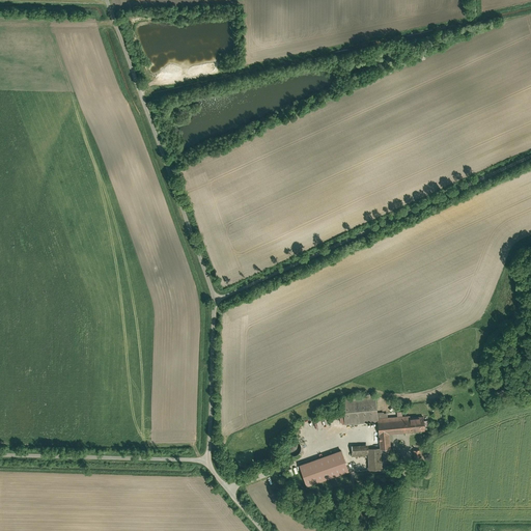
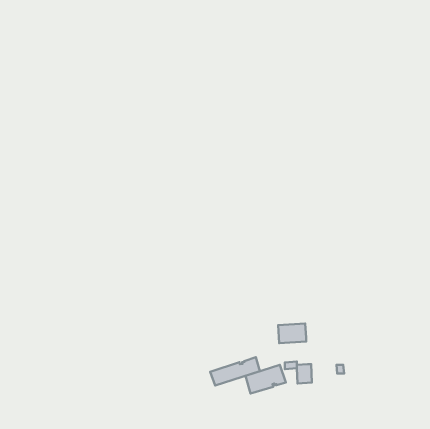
building: [376,416,423,450] -> none
building: none -> [210,357,260,385]

